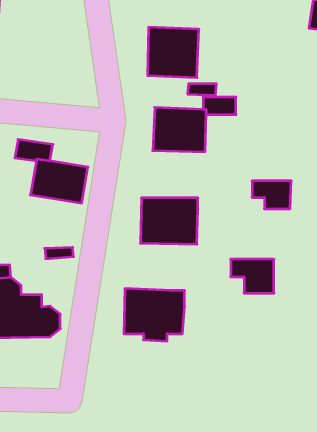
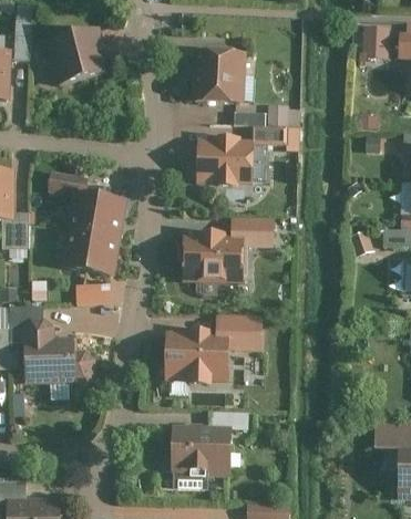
building: none -> [44,24,112,85]
building: [252,181,291,209] -> [232,215,274,245]
building: none -> [58,229,120,274]
building: [231,259,274,293] -> [216,313,263,350]
building: none -> [171,424,232,475]

